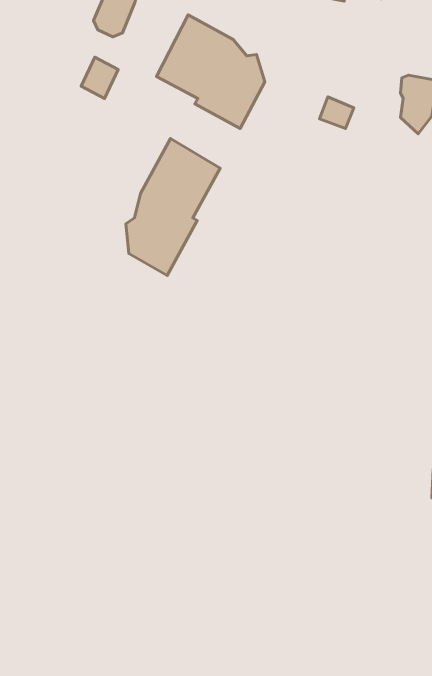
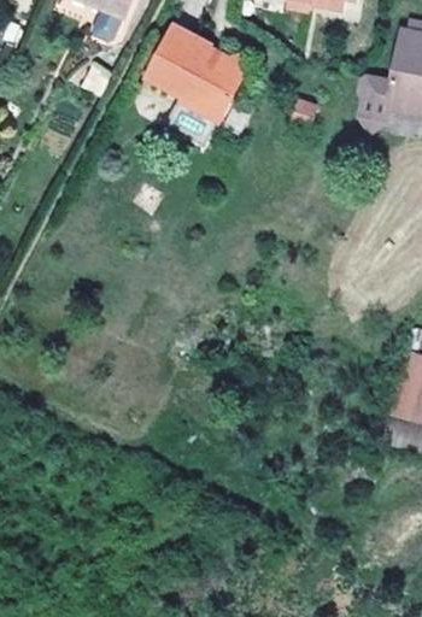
building: [126,138,220,275] -> none

